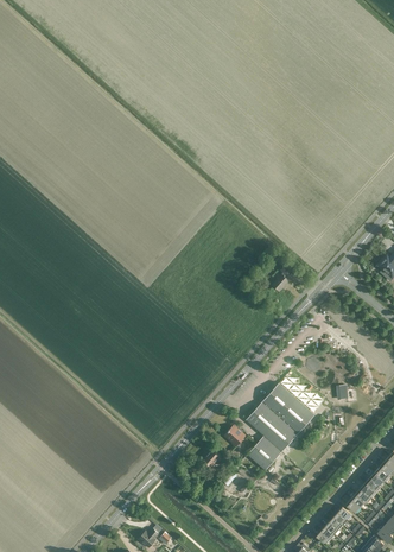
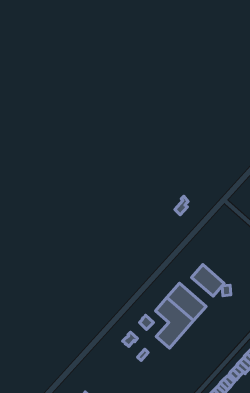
building: none -> [192,265,224,296]

